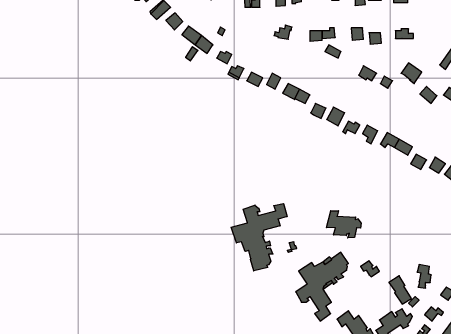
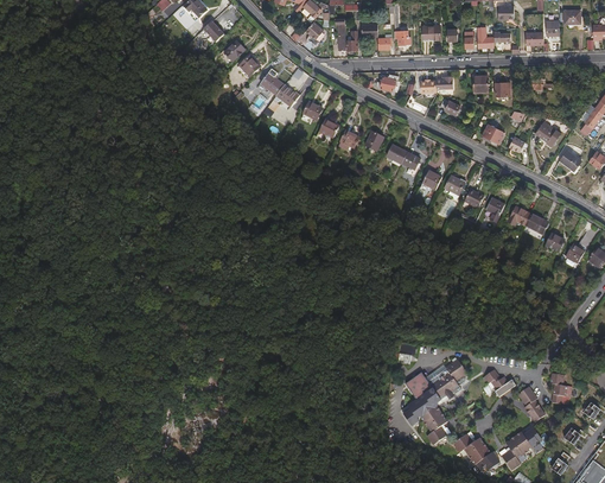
building: [231,204,287,271] -> none
building: [327,211,361,238] -> none

